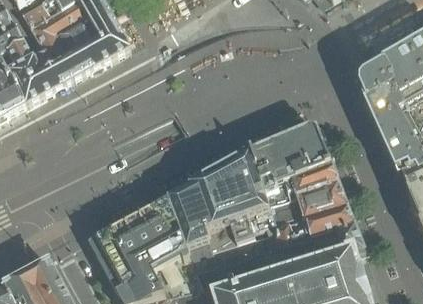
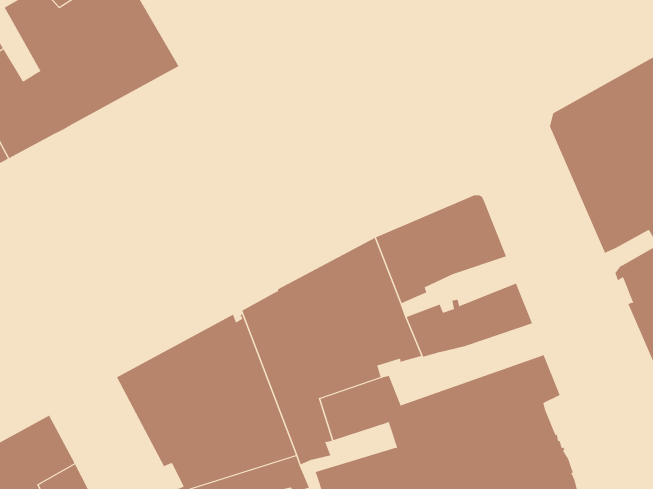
building: [266,160,337,197] -> none
building: [259,201,354,251] -> none

